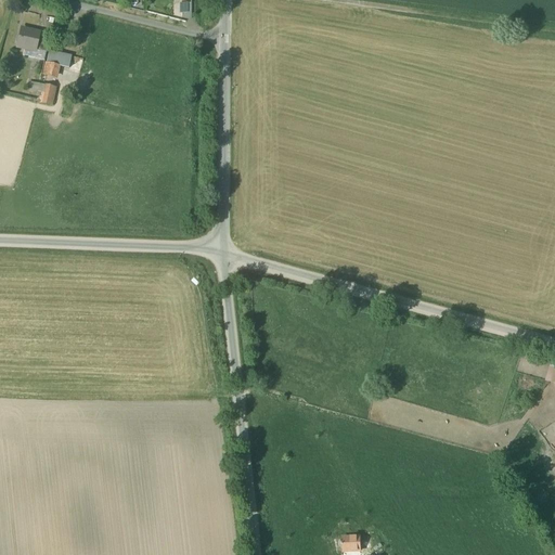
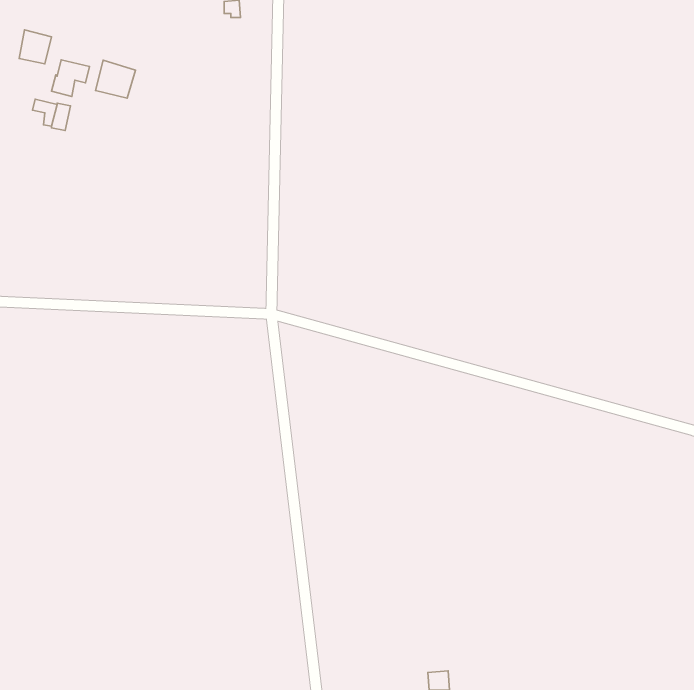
building: none -> [96,60,135,98]

